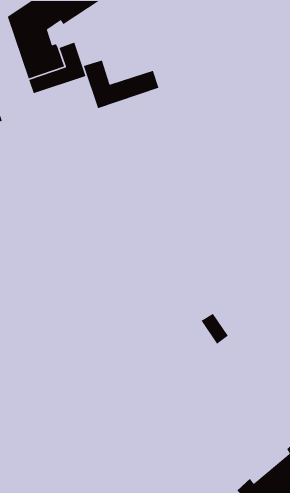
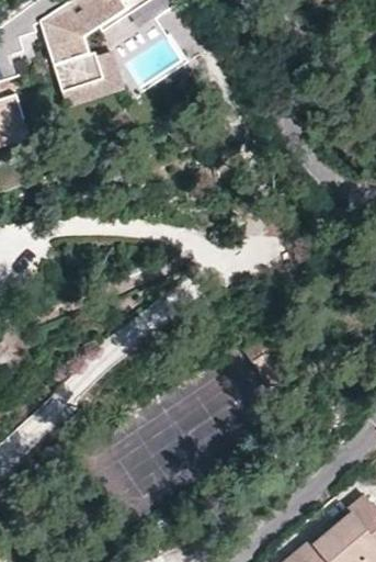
building: [83,59,160,109] -> none

